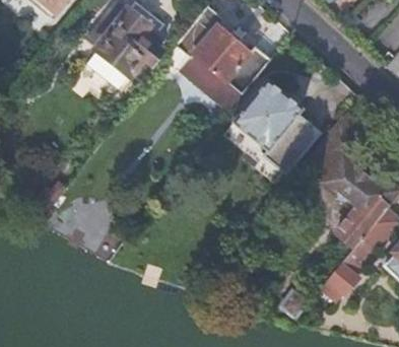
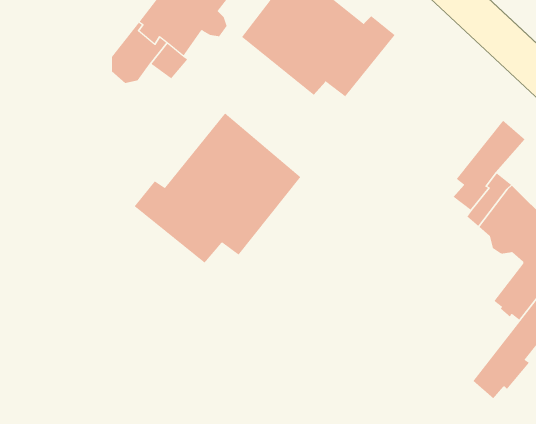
building: [232,79,320,174] -> none
building: none -> [134,113,301,264]

